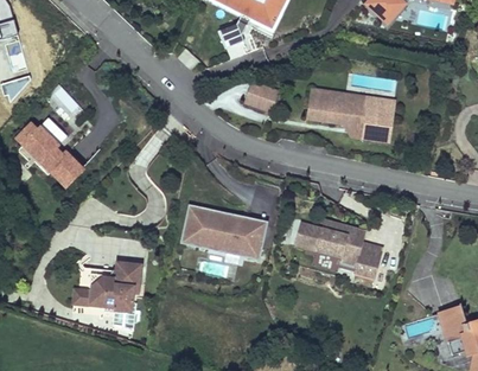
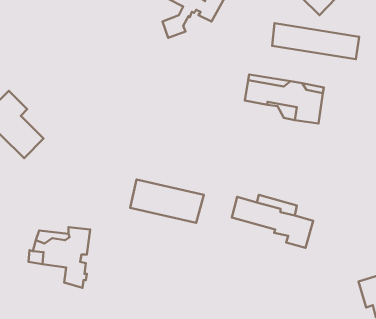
building: none -> [272,23,359,59]
building: [246,82,278,110] -> none

